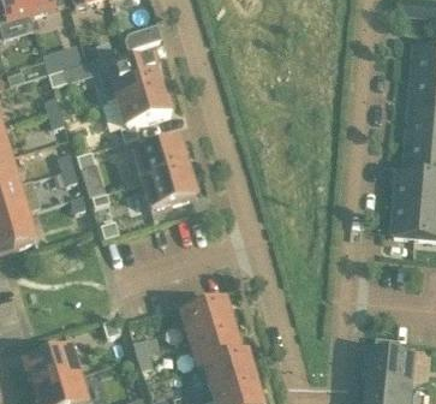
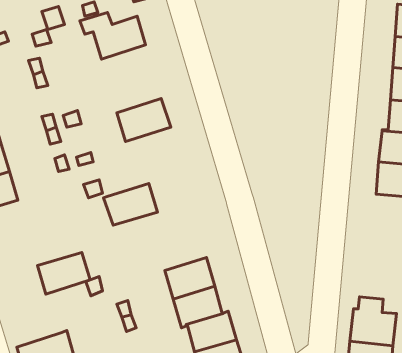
building: [117,83,169,141] -> none
building: [141,166,195,208] -> [104,183,157,225]
building: [23,345,76,387] -> [38,252,90,294]

